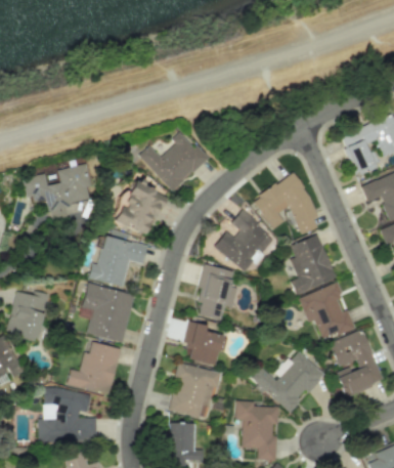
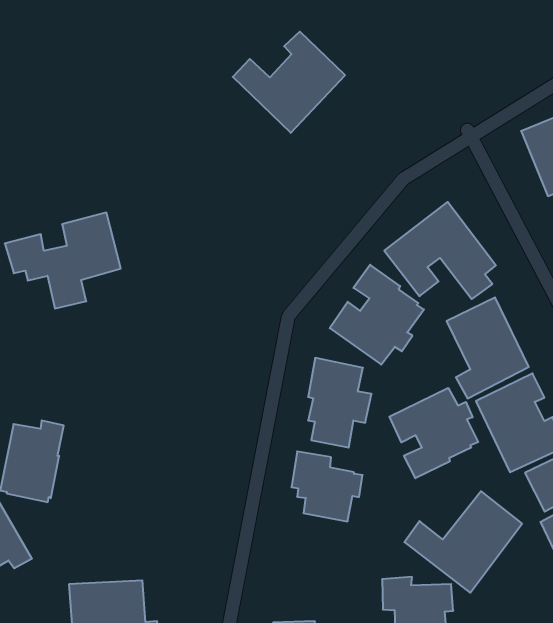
building: [139,131,208,193] -> [233,32,345,133]
building: [116,178,170,232] -> none
building: [90,235,148,286] -> none
building: [83,282,136,341] -> none
building: none -> [389,388,478,478]
building: [69,341,122,394] -> none
building: [170,360,222,417] -> none

